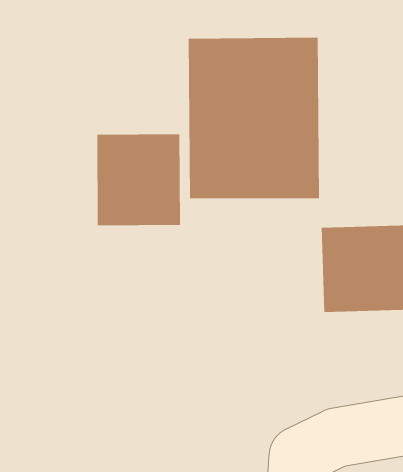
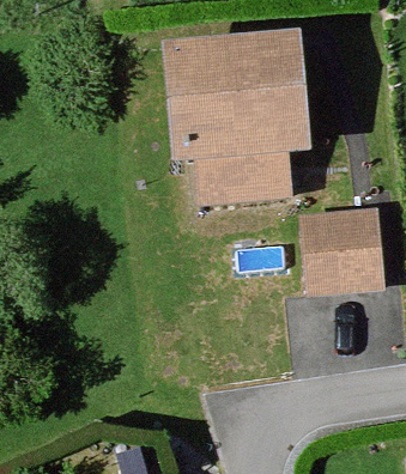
building: [97,133,180,226] -> none

